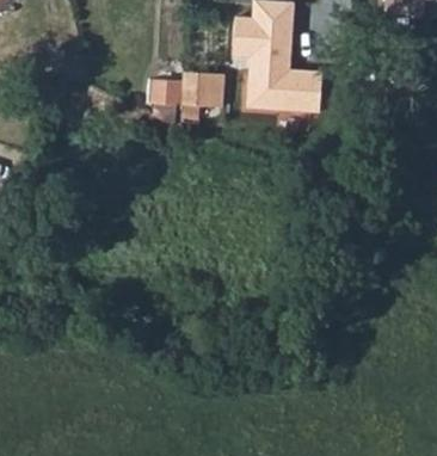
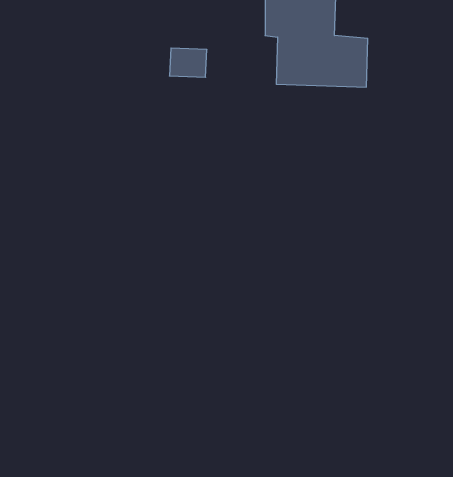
building: [181,72,223,106] -> none

